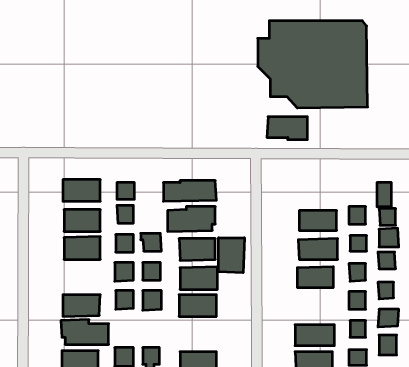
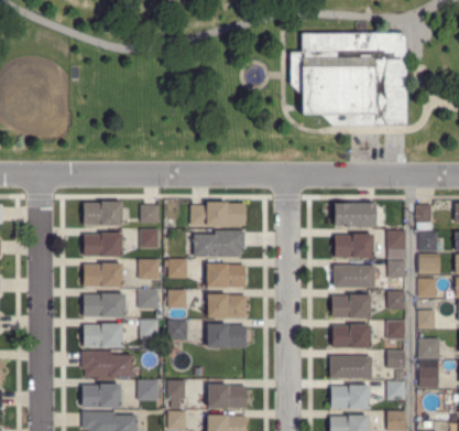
building: [267,117,307,140] -> [332,203,375,227]
building: [219,238,244,273] -> none
building: none -> [84,293,124,316]
building: none -> [331,325,371,347]

